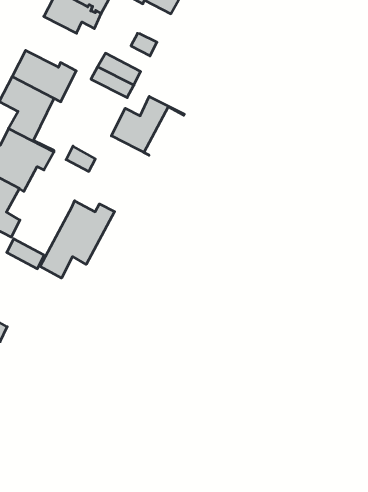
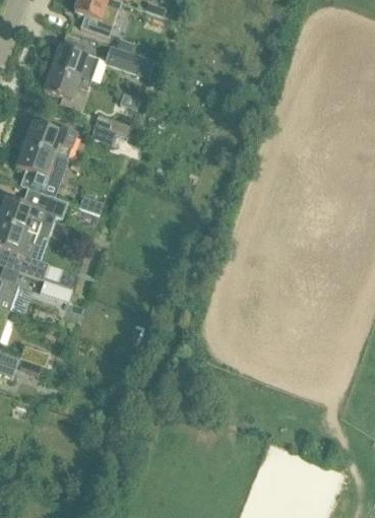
building: [111,96,184,155] -> none
building: [40,201,115,278] -> none

